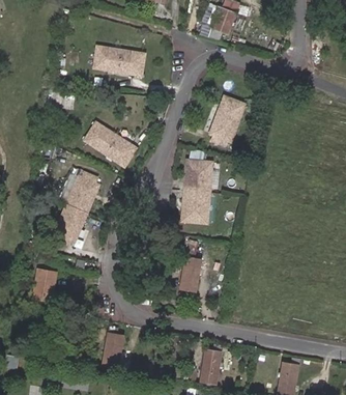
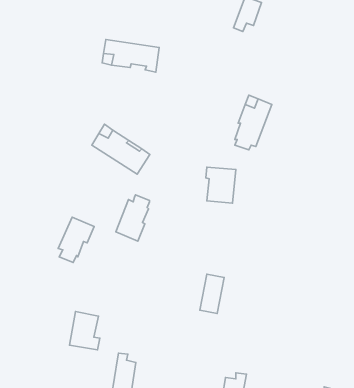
building: [66,172,96,214] -> [116,195,150,241]
building: [181,191,209,224] -> none
building: [32,269,59,303] -> [70,312,100,350]

